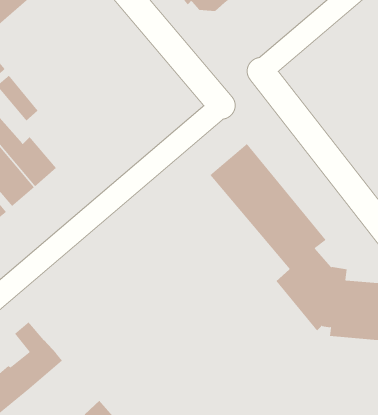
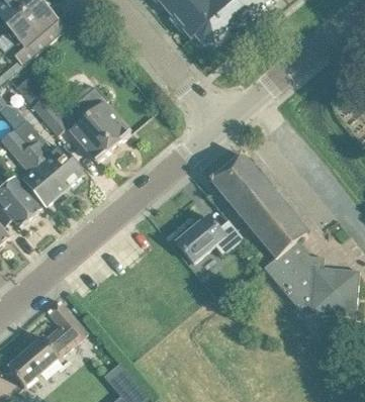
building: none -> [69,86,130,162]
building: none -> [176,215,243,262]

